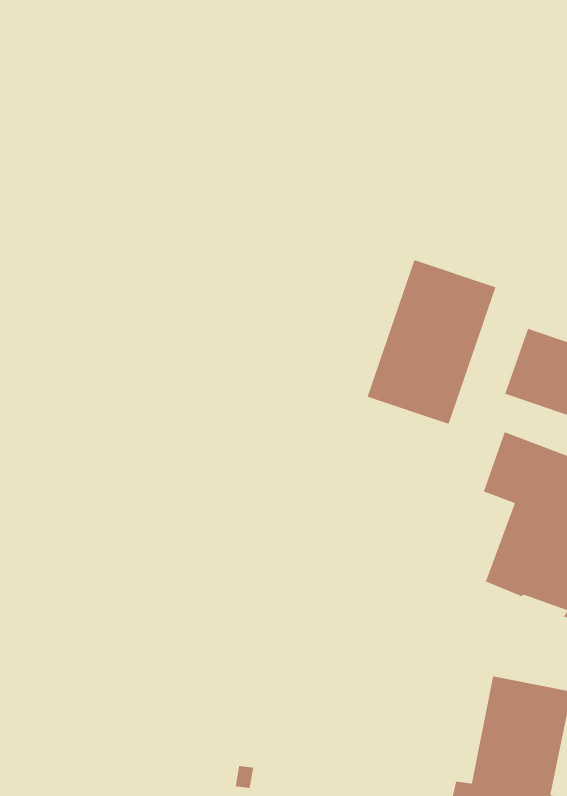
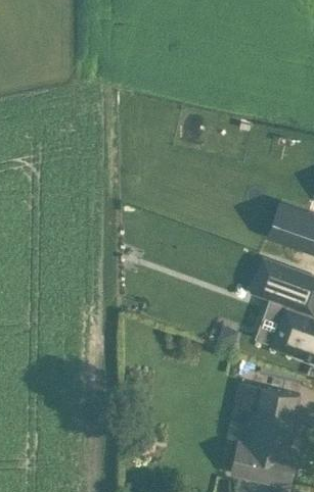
building: [367,259,496,425] -> none

